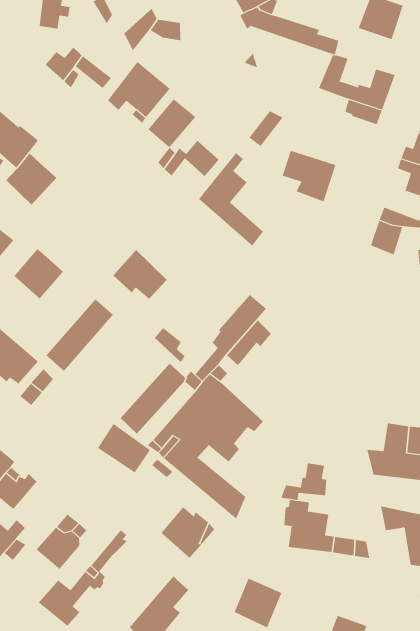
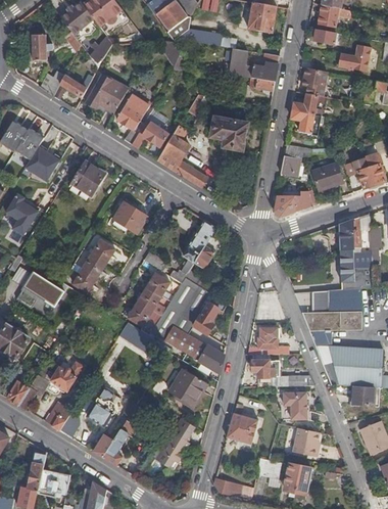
building: [13,248,64,300] -> [70,161,104,196]
building: none -> [273,192,310,216]
building: none -> [283,391,306,419]

